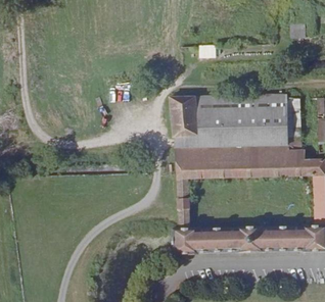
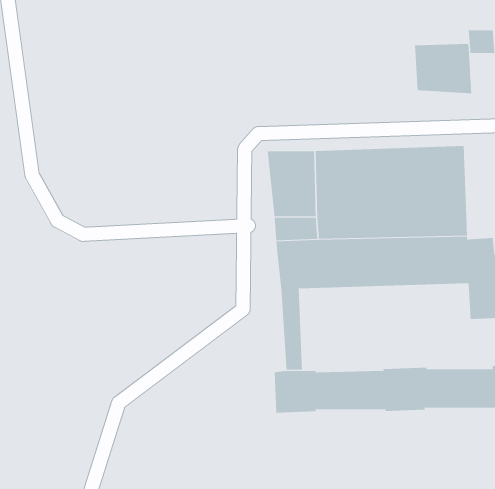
building: none -> [415,43,472,94]

